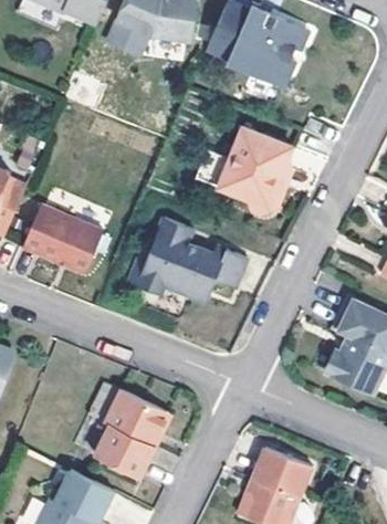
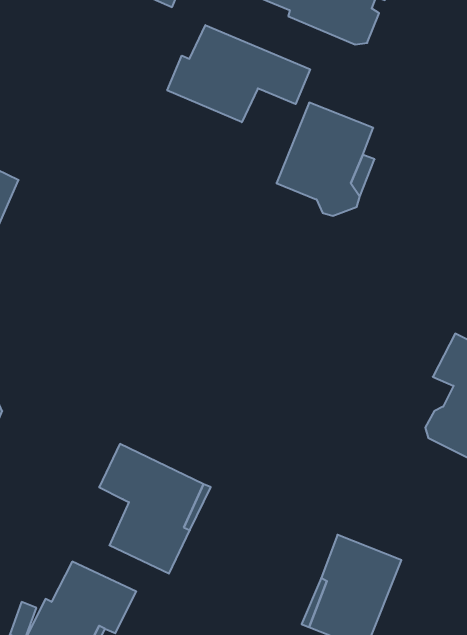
building: none -> [167,25,310,122]
building: [24,203,105,273] -> none
building: [130,217,245,302] -> none

